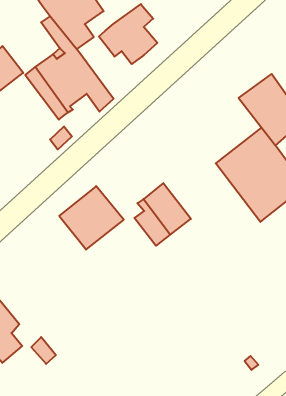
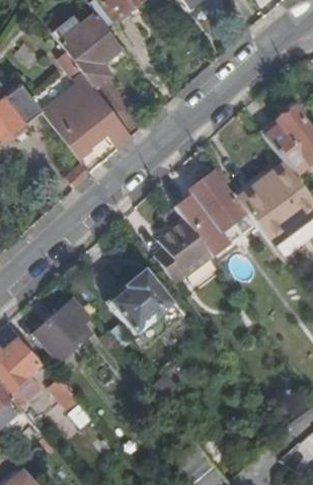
building: [99,4,157,64] -> none
building: none -> [189,173,243,232]
building: [59,186,124,250] -> [105,270,171,335]
building: none -> [32,305,85,356]

